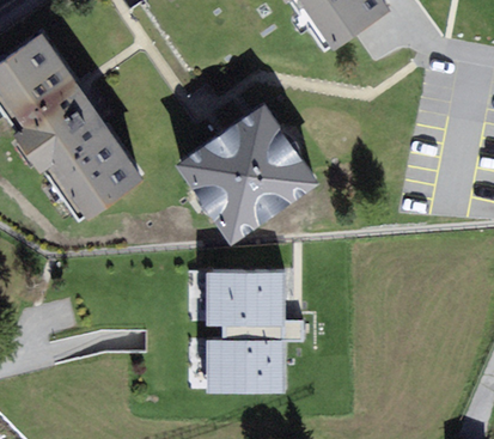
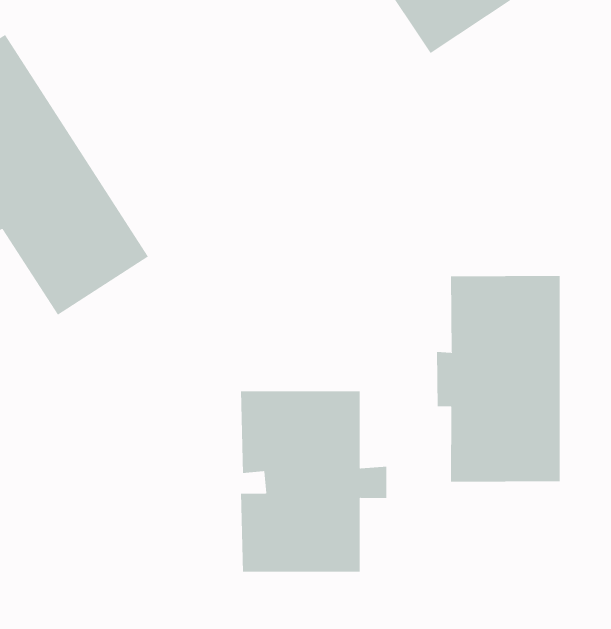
building: [177,102,317,239] -> none
building: none -> [436,275,560,482]

